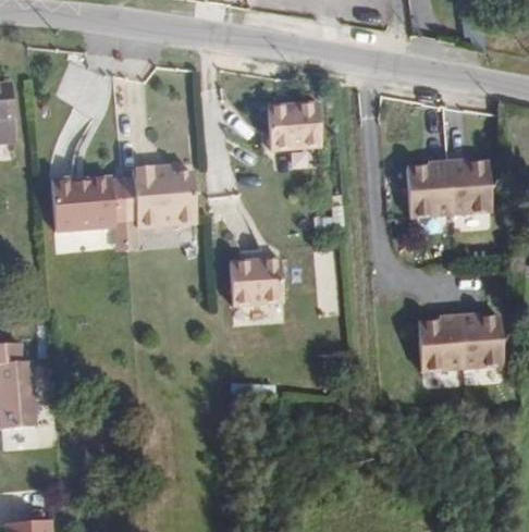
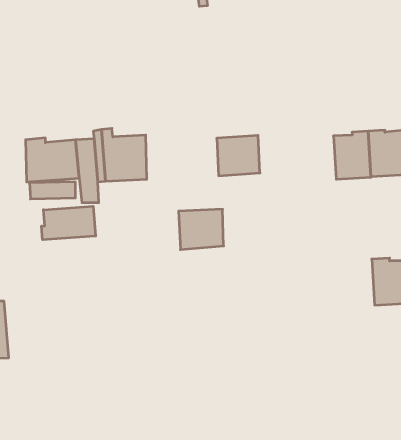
building: [266,100,316,147] -> [217,135,260,176]
building: none -> [42,206,96,240]
building: [415,313,457,370] -> none

